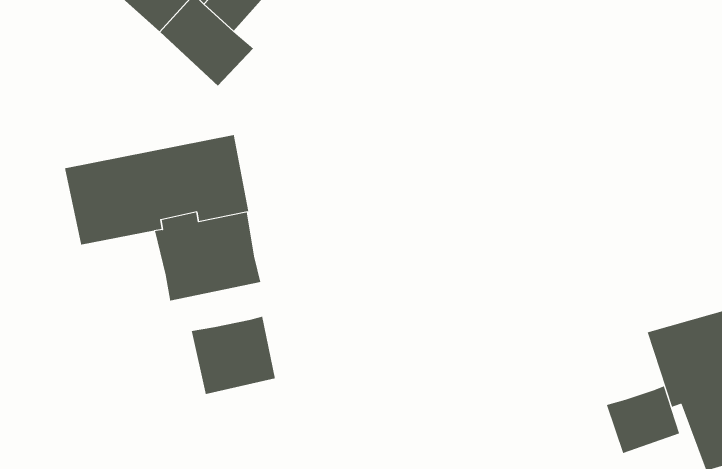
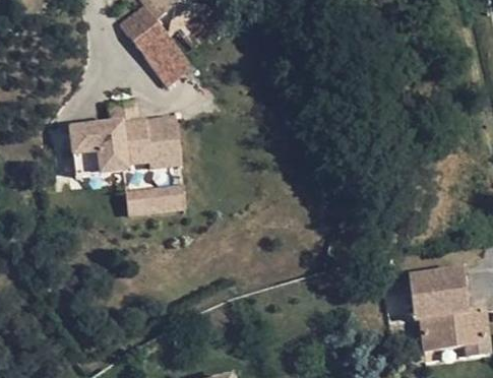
building: [191,316,275,395] -> none
building: [606,386,680,454] -> none

